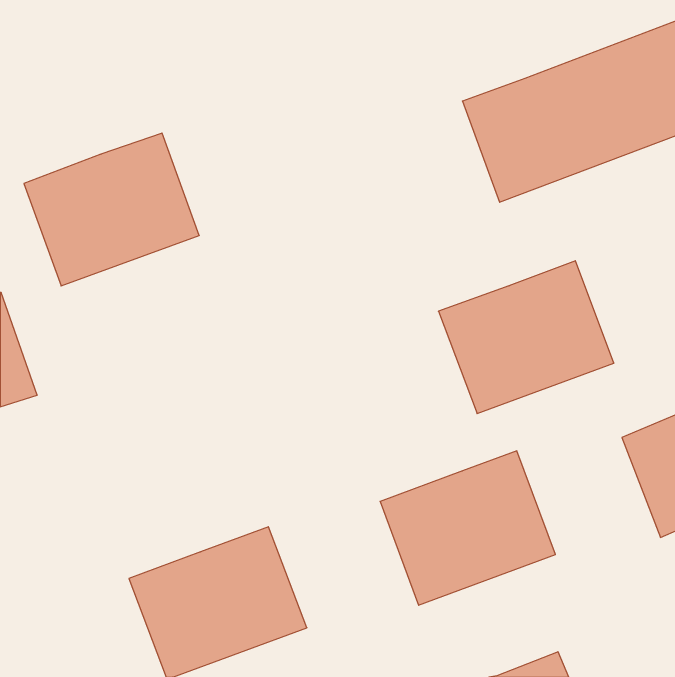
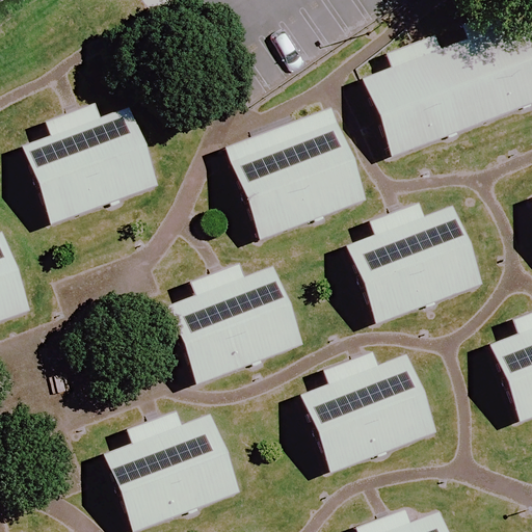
building: none -> [225,106,367,239]
building: none -> [167,264,303,384]

